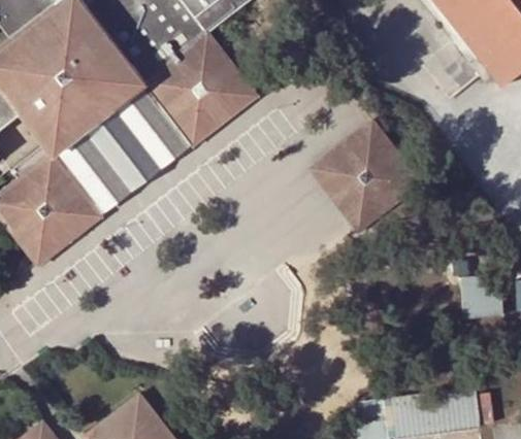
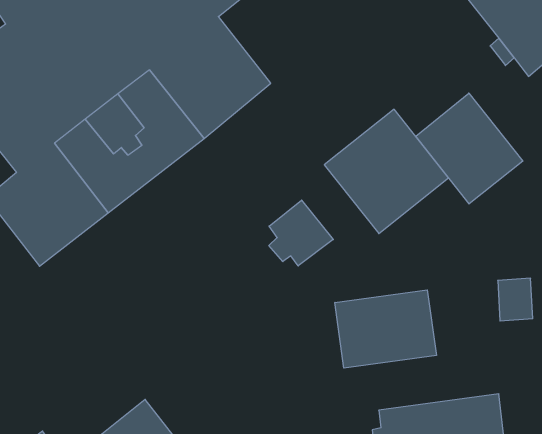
building: none -> [416,93,523,204]
building: none -> [269,200,333,266]
building: none -> [335,290,436,368]

